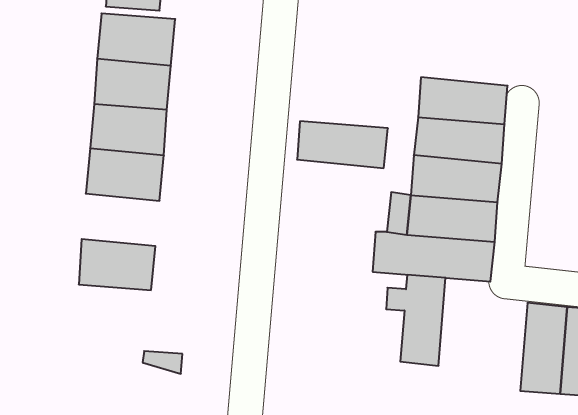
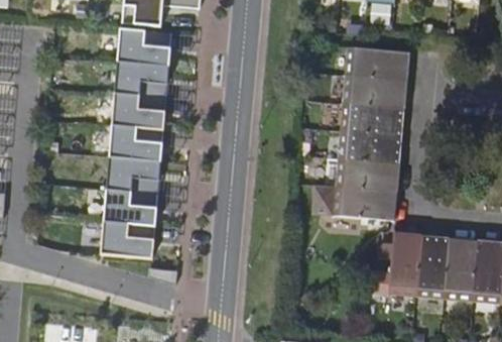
building: [297,121,388,168] -> [346,45,410,79]
building: none -> [105,155,160,193]
building: [386,275,446,366] -> [379,231,421,296]
building: none -> [100,220,154,257]

